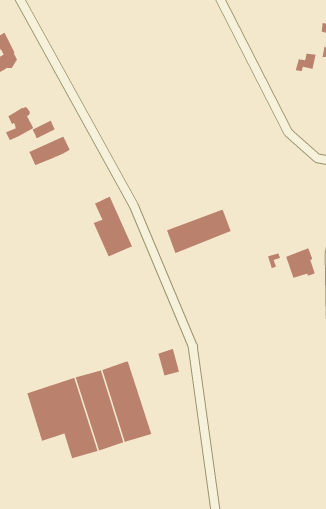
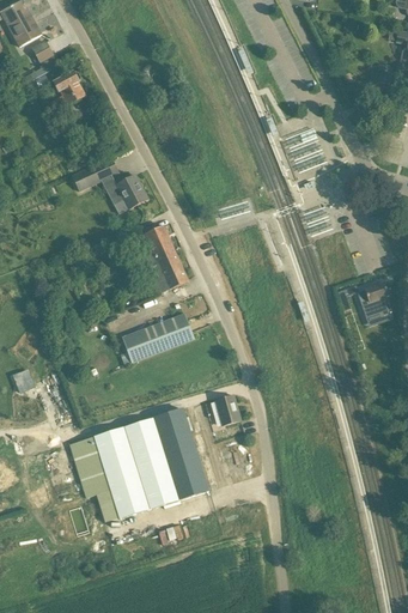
building: [5,107,34,141] -> [51,71,84,109]
building: none -> [112,174,147,213]
building: [166,209,232,254] -> [121,312,194,363]

